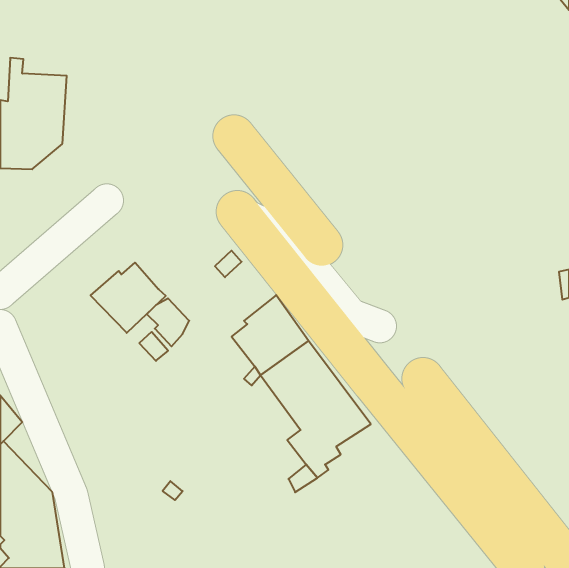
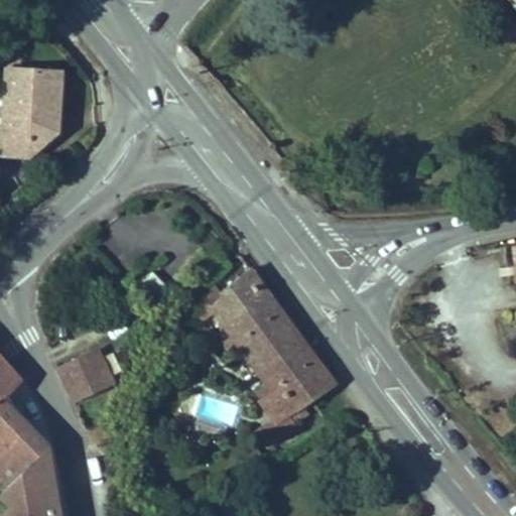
building: [91,263,166,333] -> none
building: none -> [58,350,111,399]

